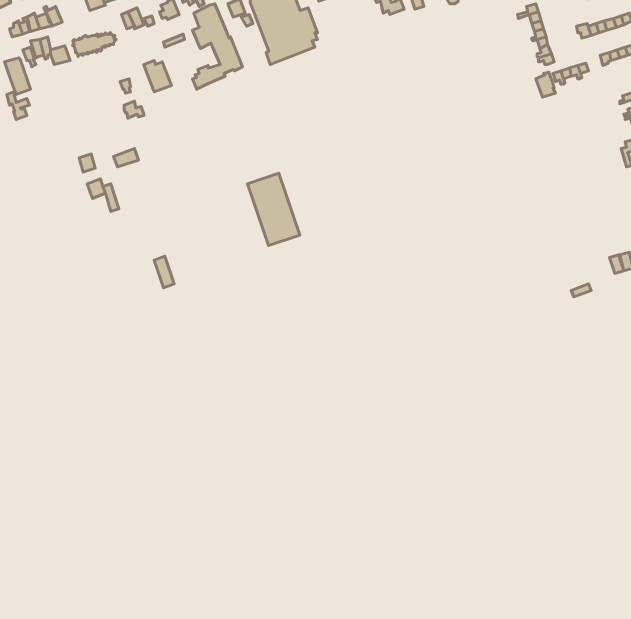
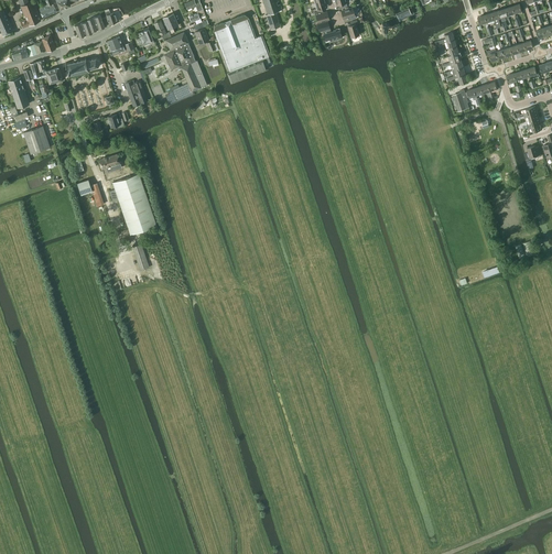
building: none -> [23,127,51,154]
building: [247,173,300,246] -> [112,173,156,233]

